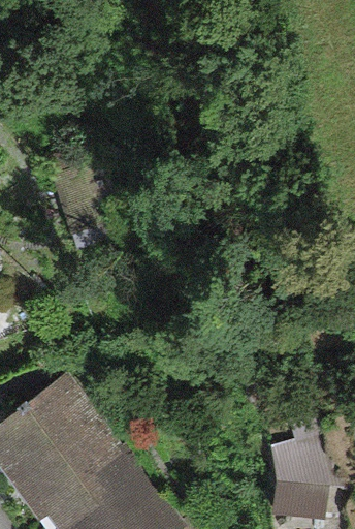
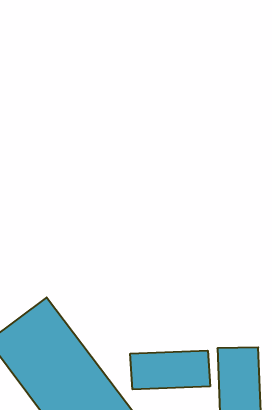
building: none -> [130,351,210,389]

